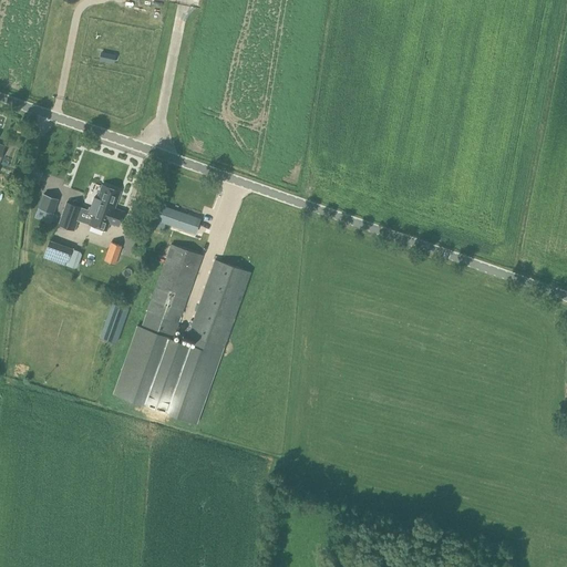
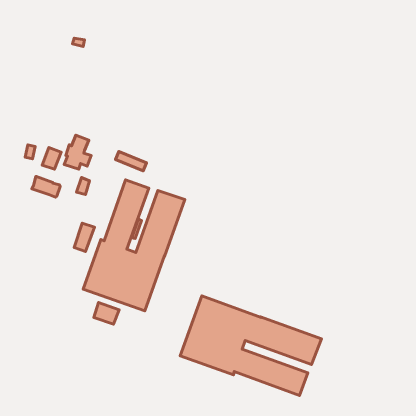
building: none -> [180,296,322,395]
building: none -> [94,302,119,324]

